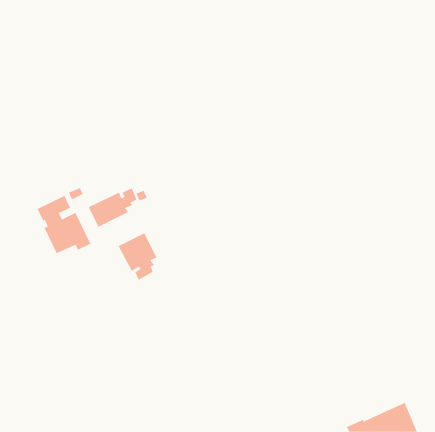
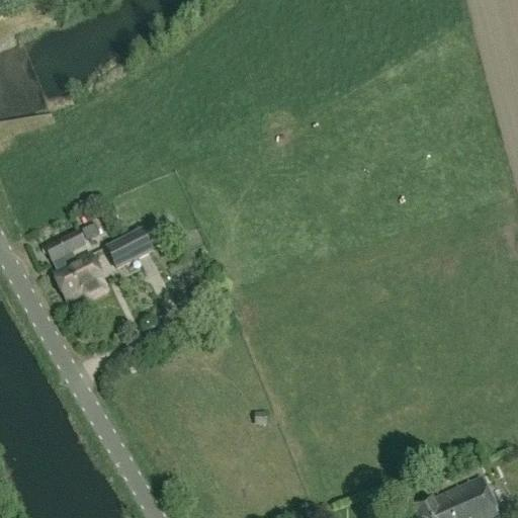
building: [118,232,157,280] -> none

